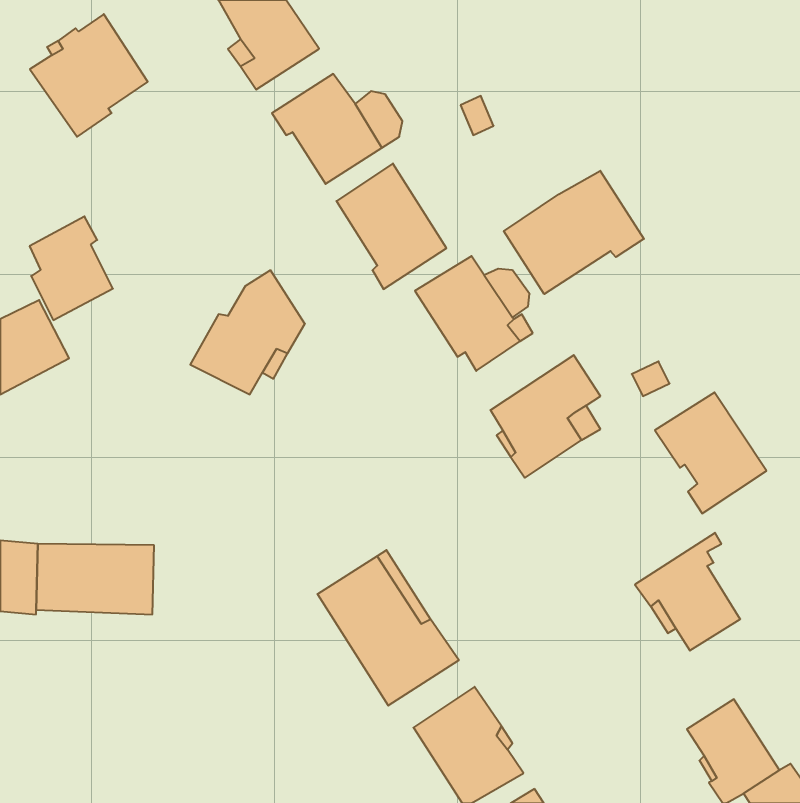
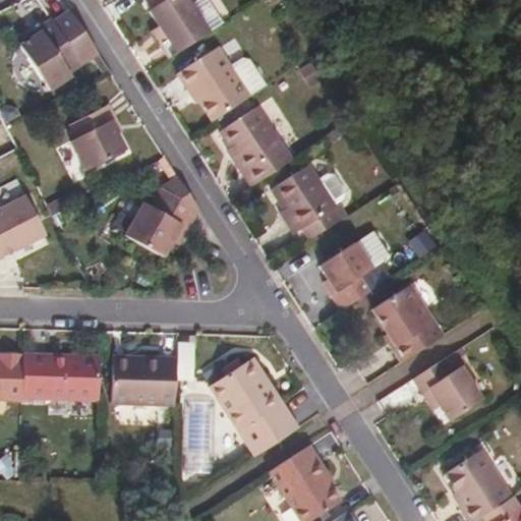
building: [504,171,644,294] -> none
building: [30,216,113,320] -> [71,103,125,170]
building: [655,392,766,513] -> [371,284,444,362]
building: none -> [110,355,177,403]

